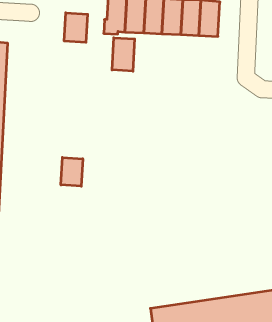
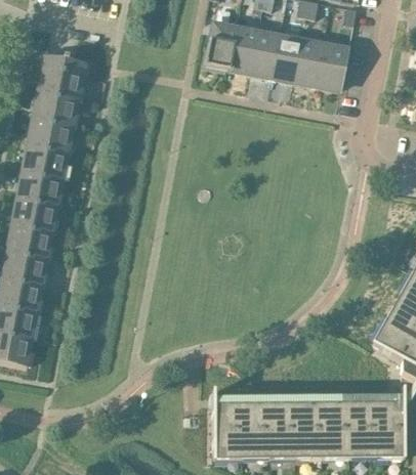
building: [64,13,88,42] -> none
building: [112,38,135,71] -> none
building: [61,157,83,186] -> none

